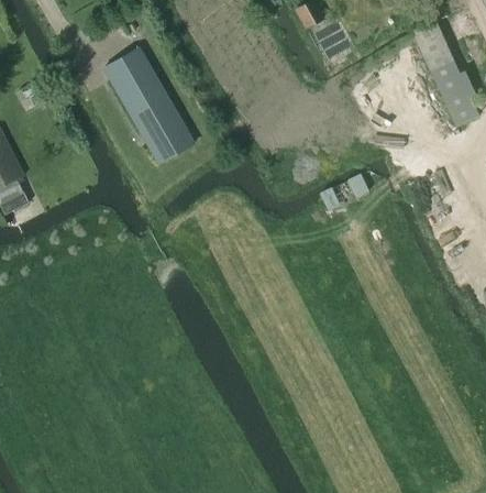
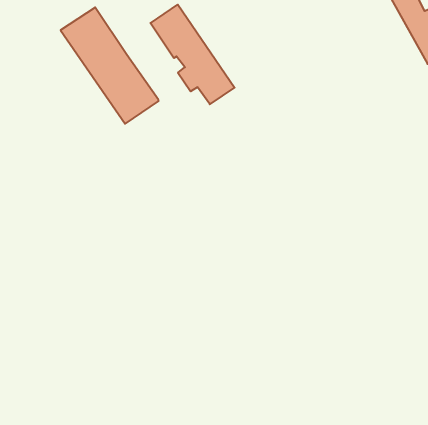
building: none -> [150,5,235,104]

